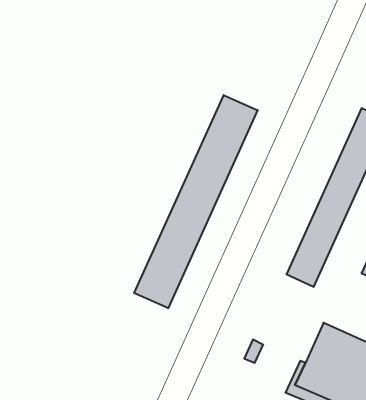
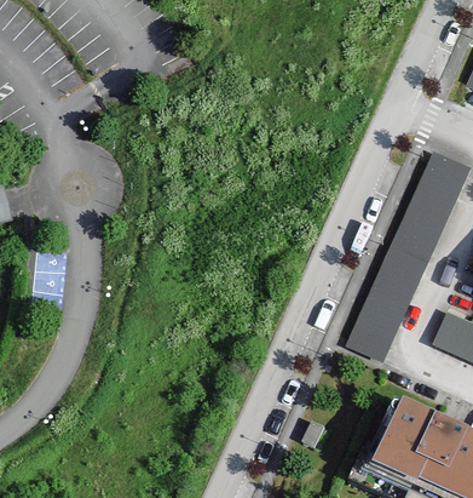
building: [134,95,258,308] -> none

